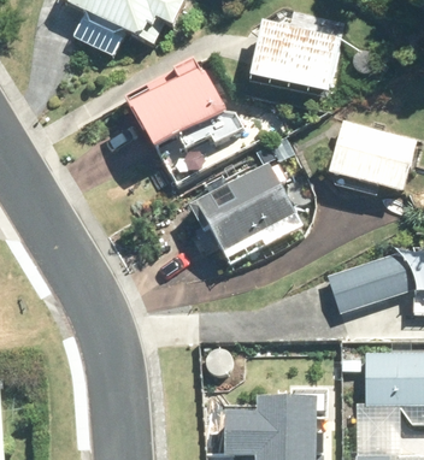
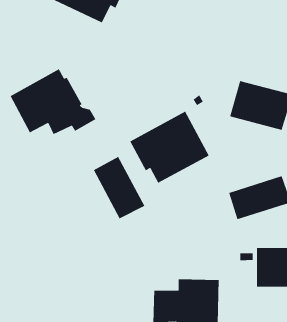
building: [248,20,337,94] -> none
building: [123,58,243,151] -> [10,68,97,135]
building: none -> [93,156,145,219]

